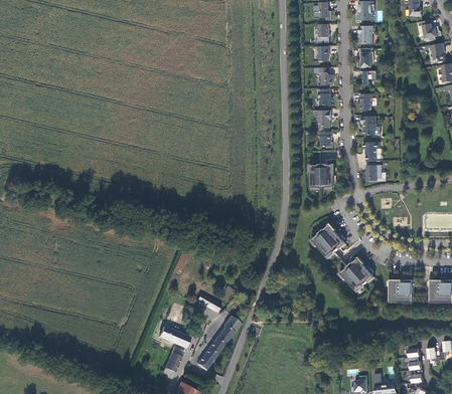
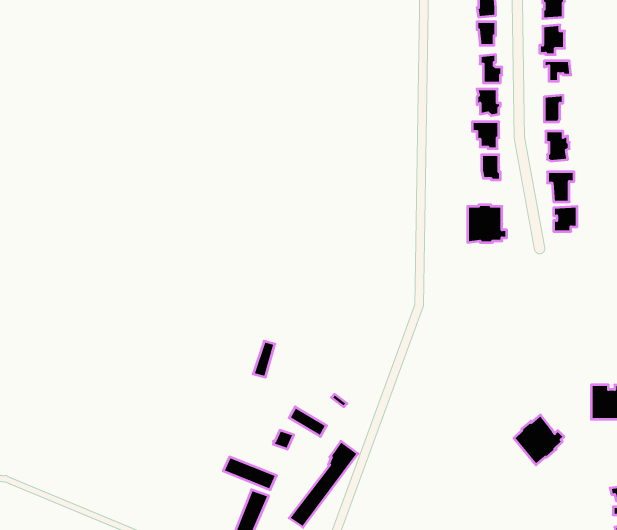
building: [312,225,344,256] -> none
building: [341,258,373,290] -> [514,415,564,465]

